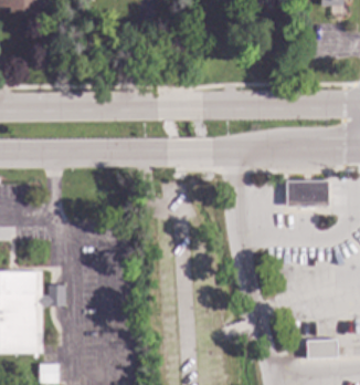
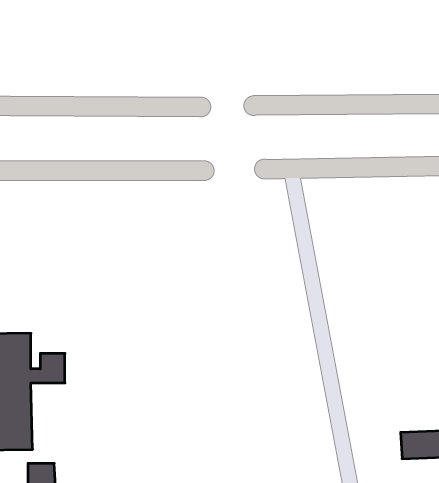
building: [285,179,327,205] -> none

